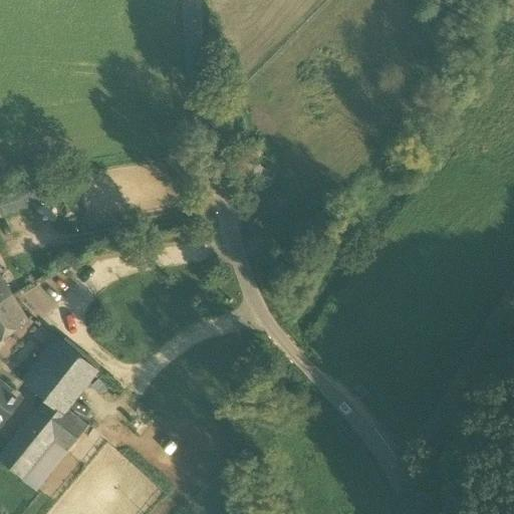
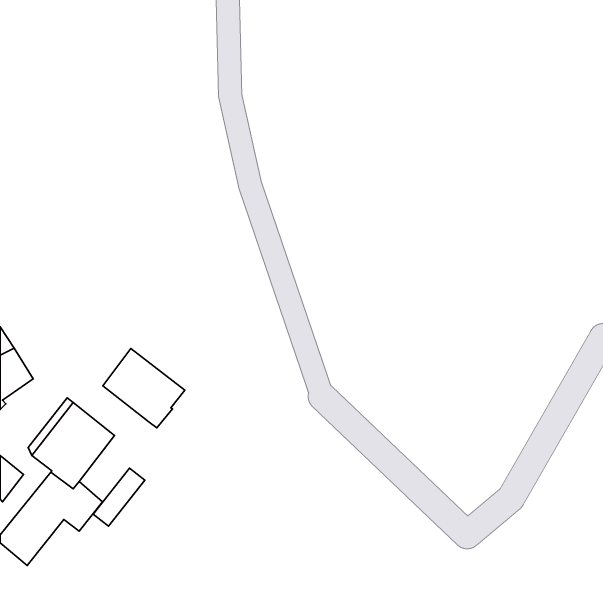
building: none -> [103,348,185,428]
building: [23,443,67,492] -> [93,468,145,526]

